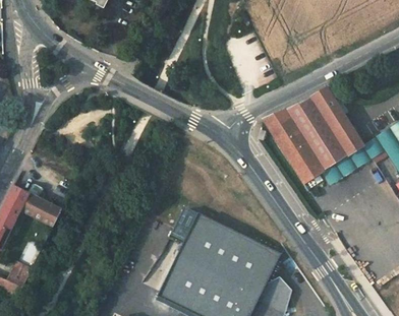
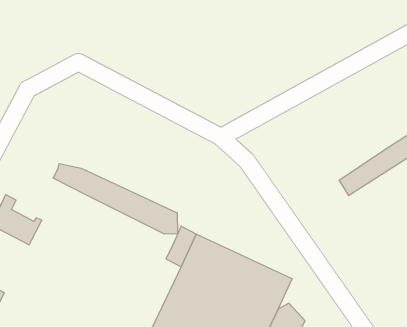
building: [263,84,361,180] -> none
building: none -> [53,164,178,234]

